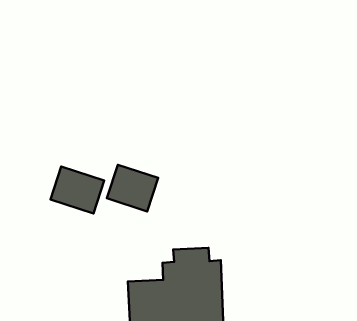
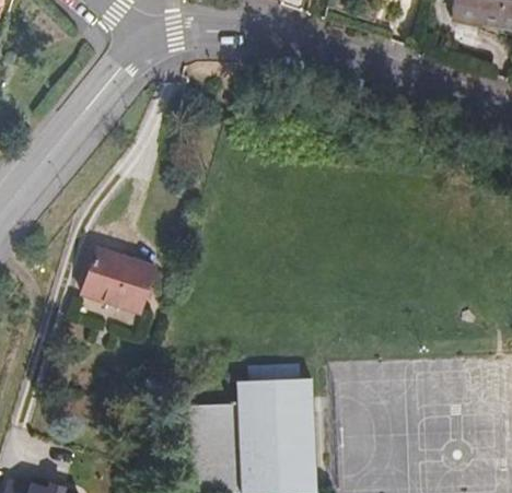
building: [107,165,158,212] -> none

